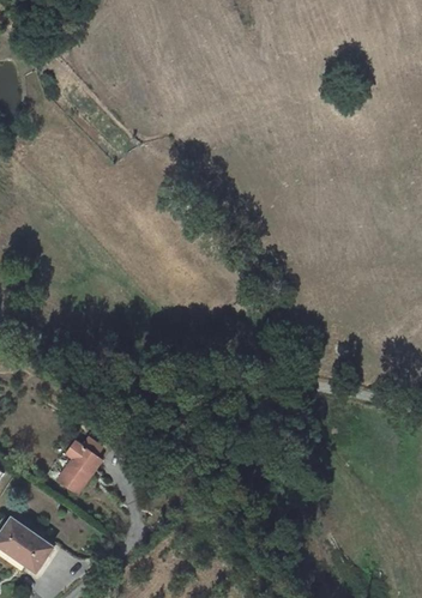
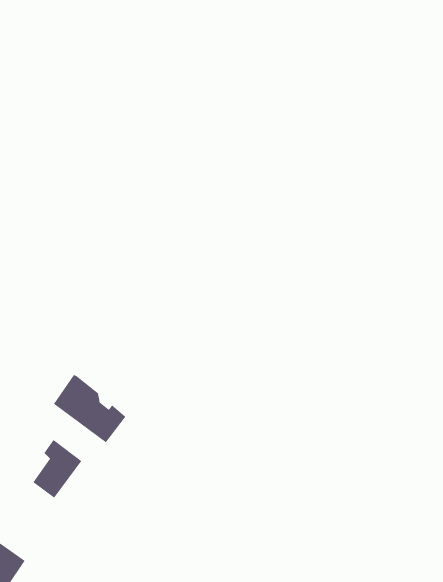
building: none -> [53,374,126,443]

